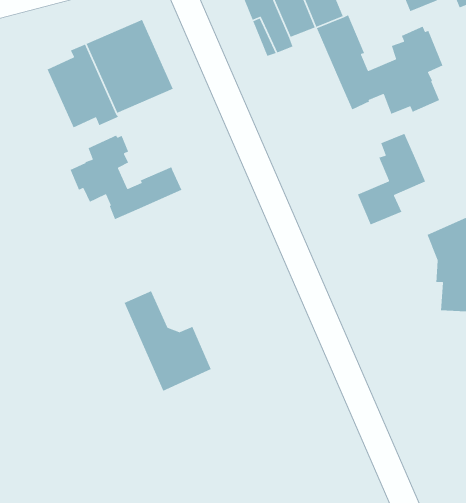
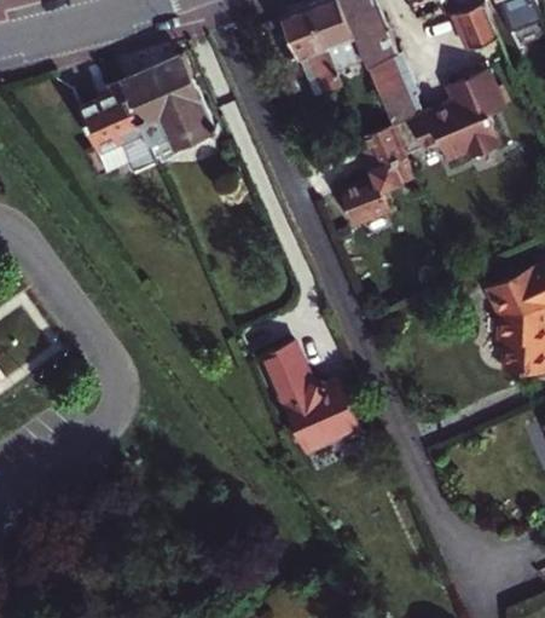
building: [357,133,426,226] -> [342,125,417,225]
building: [69,135,183,220] -> none
building: [124,290,212,392] -> [261,342,356,452]

